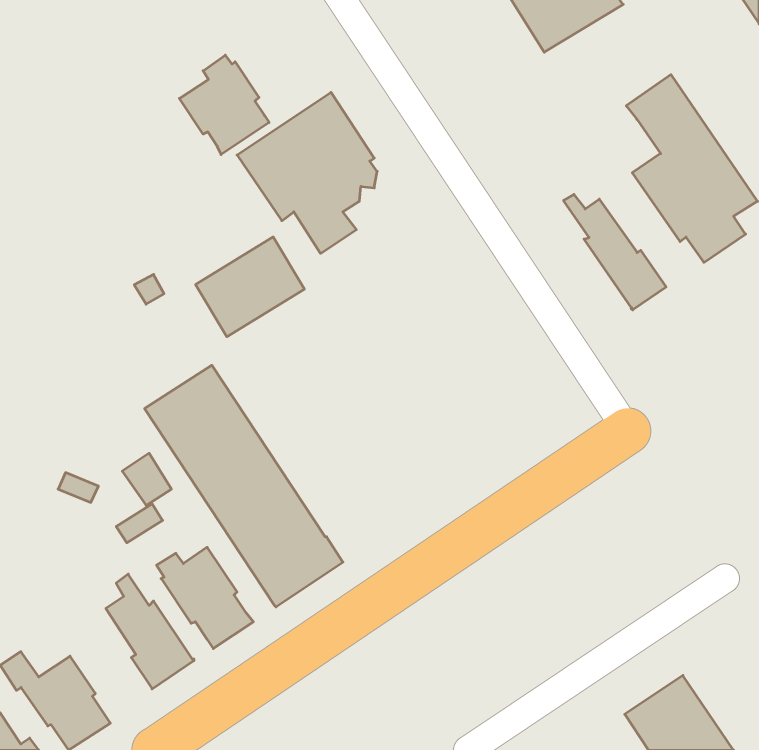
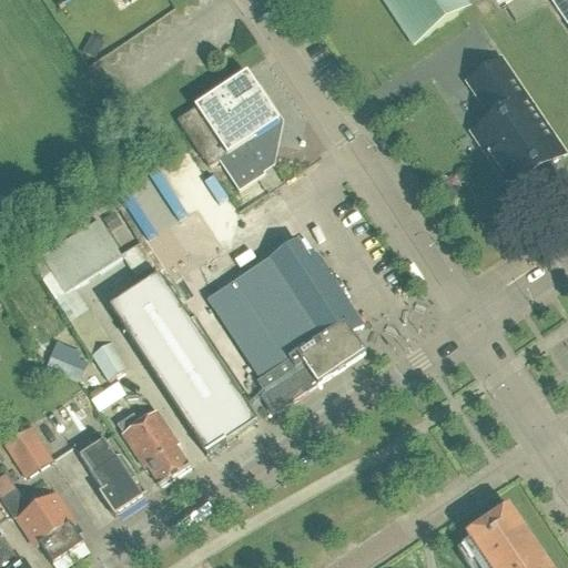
building: [179,55,269,155] -> none
building: [564,194,666,310] -> none
building: [196,237,304,337] -> [40,214,121,288]
building: none -> [206,234,364,404]
building: none -> [4,427,49,475]

